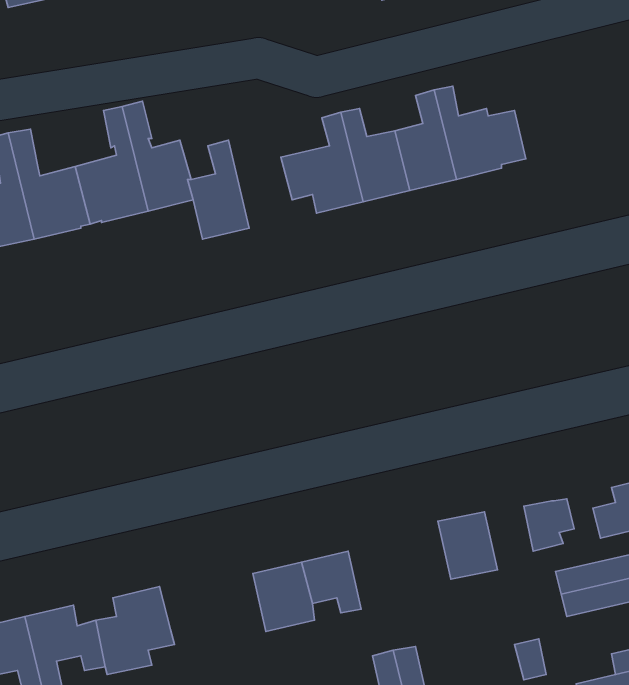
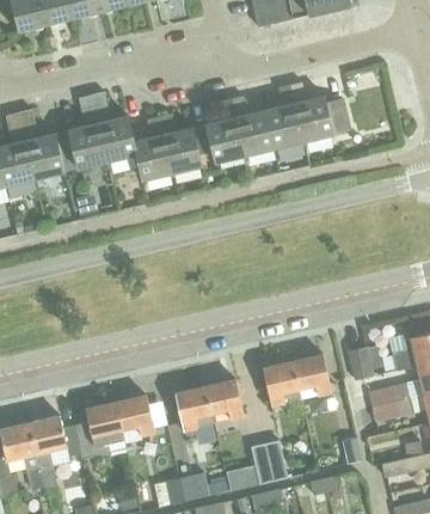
building: none -> [159,112,202,172]
building: none -> [262,360,301,404]
building: none -> [115,394,154,436]

